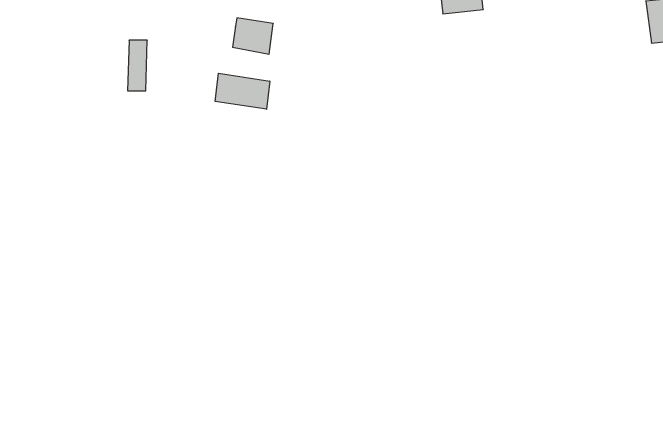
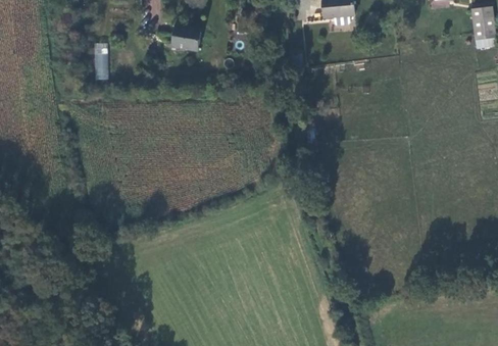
building: [215,73,270,109] -> none

